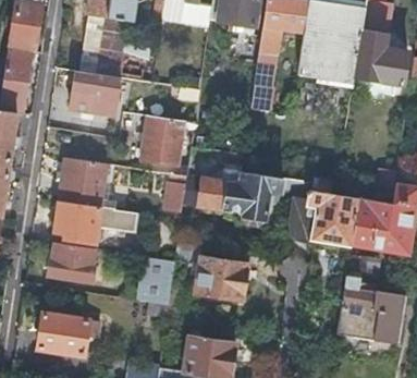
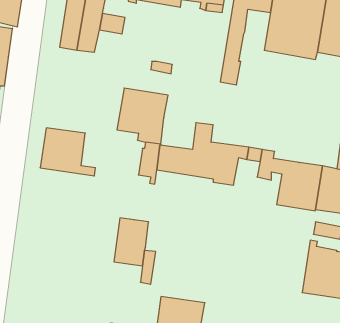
building: [70,70,119,117] -> none
building: [54,199,140,241] -> none
building: [175,240,246,298] -> none
building: [48,241,96,280] -> none
building: [37,313,88,355] -> none

